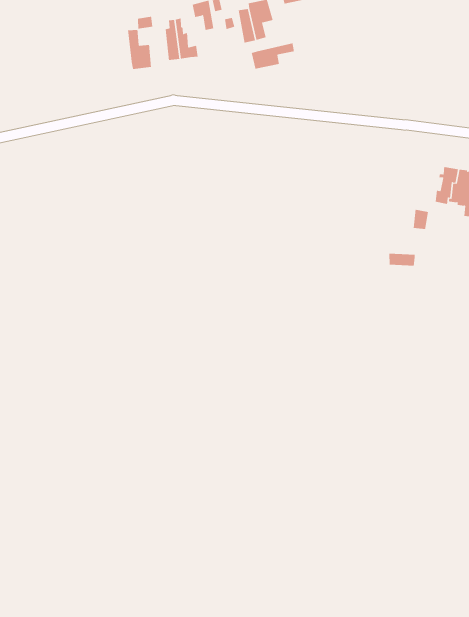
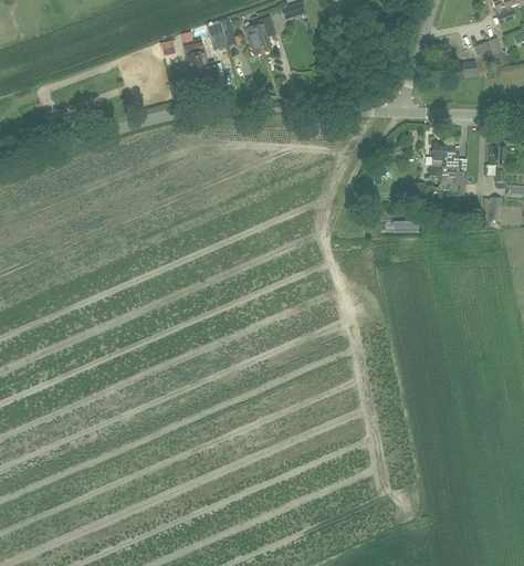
building: [127,29,152,70] -> none
building: [251,42,295,70] -> none

